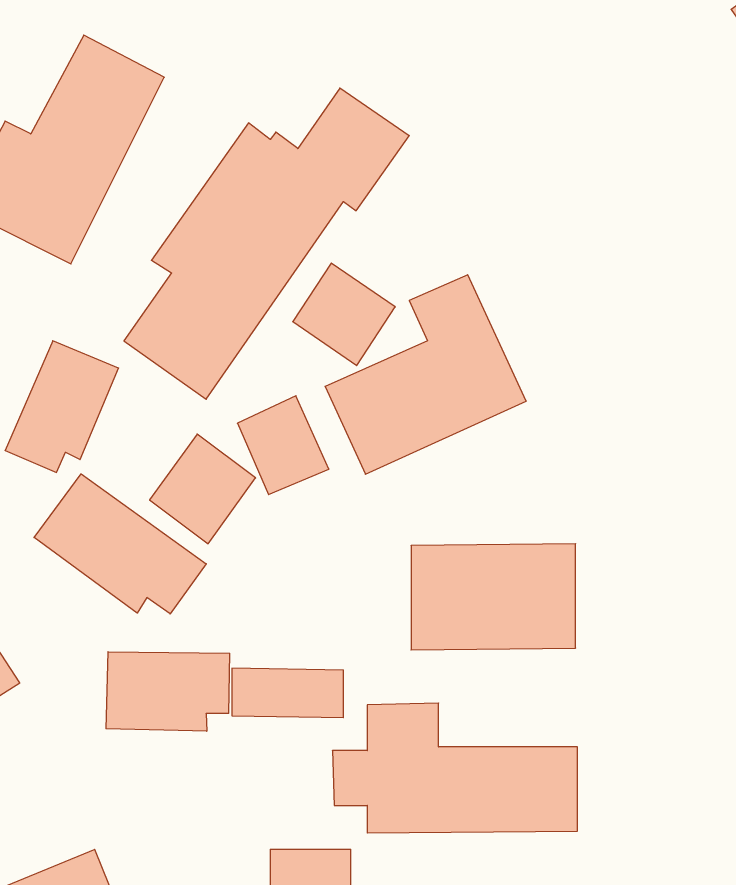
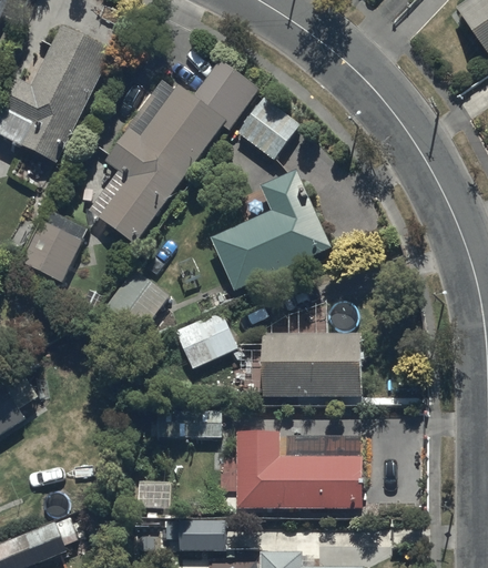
building: [293,263,395,366] -> [236,98,298,160]
building: [237,396,329,495] -> [182,304,237,364]
building: [34,474,206,614] -> none
building: [106,652,230,731] -> none

